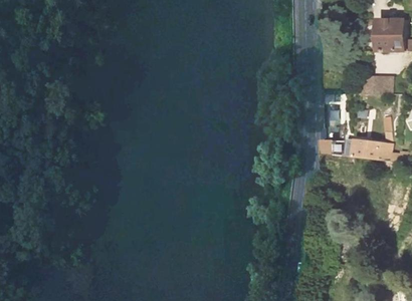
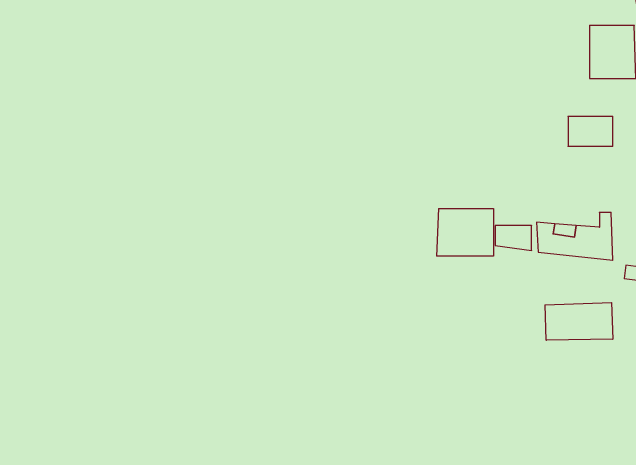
building: none -> [437,209,493,256]
building: none -> [545,303,613,340]

